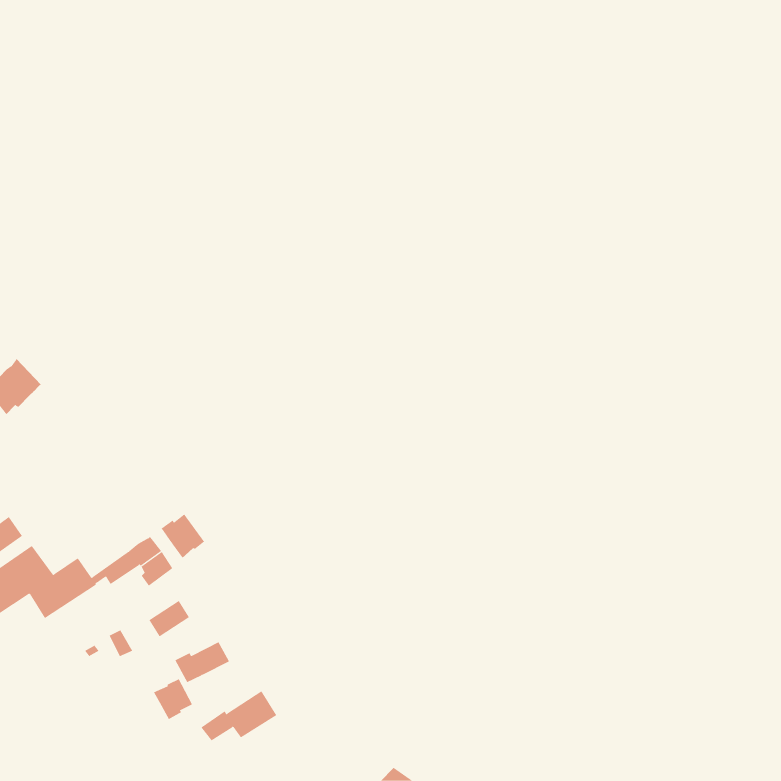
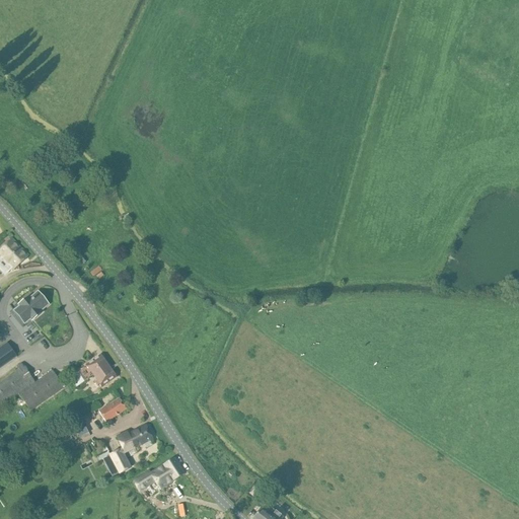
building: none -> [14,291,46,322]
building: [161,514,205,559] -> none

